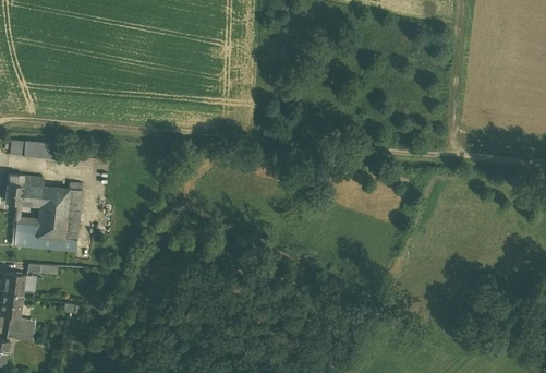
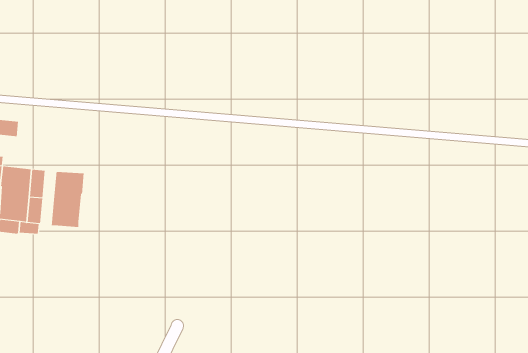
building: none -> [51,171,84,228]

